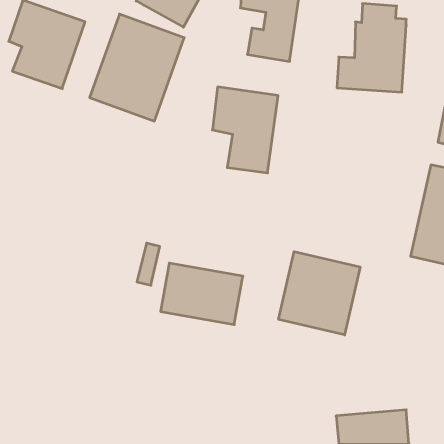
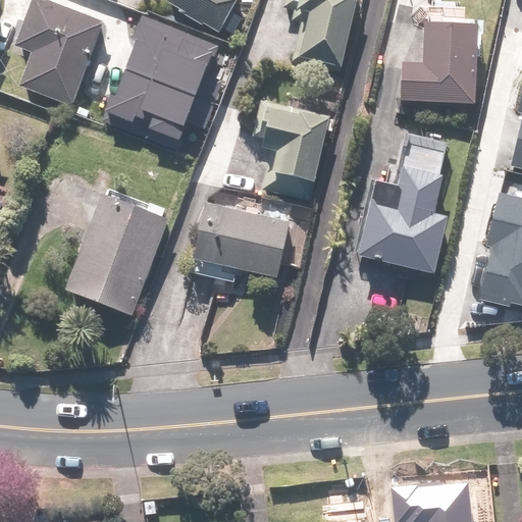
building: none -> [354,132,448,276]
building: none -> [64,187,166,318]
building: [279,252,360,335] -> none
building: [161,263,243,325] -> [193,205,289,276]

